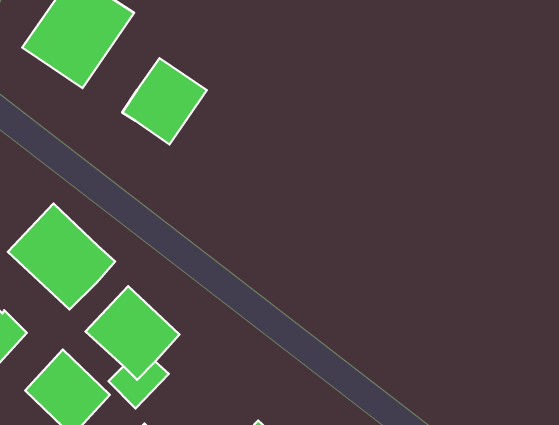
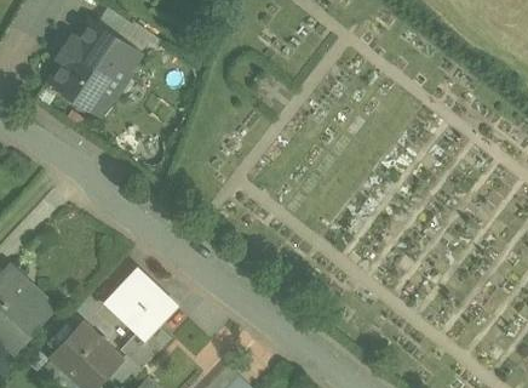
building: [122,58,207,145] -> none
building: [8,204,115,310] -> none

